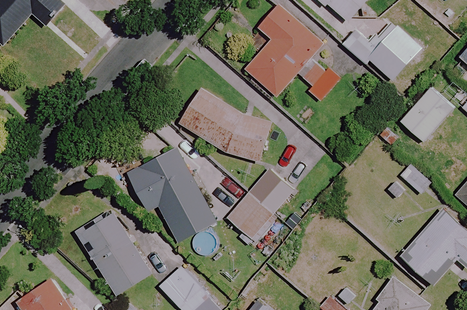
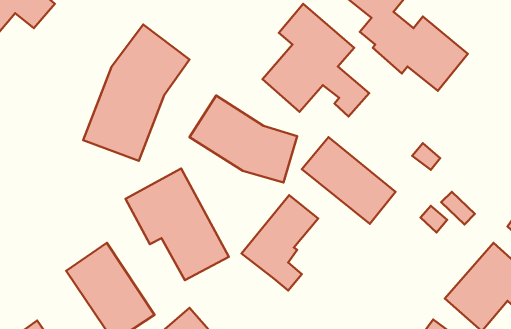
building: none -> [83,25,190,161]
building: [399,87,453,142] -> none
building: none -> [302,137,395,224]

